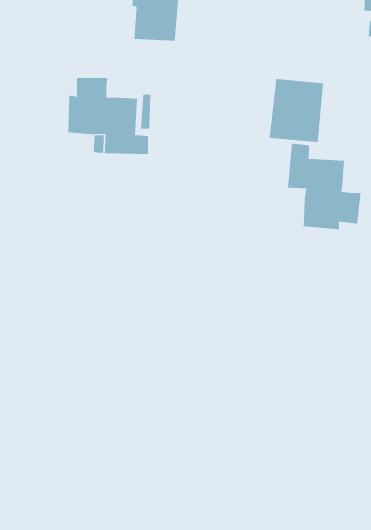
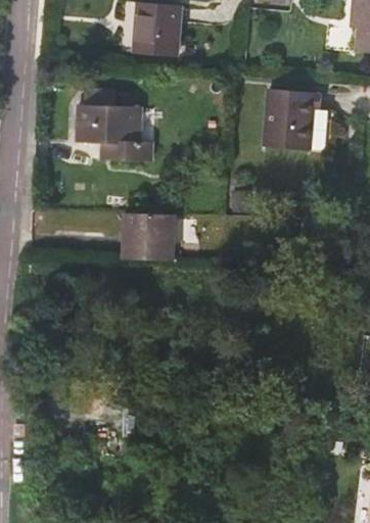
building: [287,143,361,230] -> none
building: none -> [123,212,174,262]

